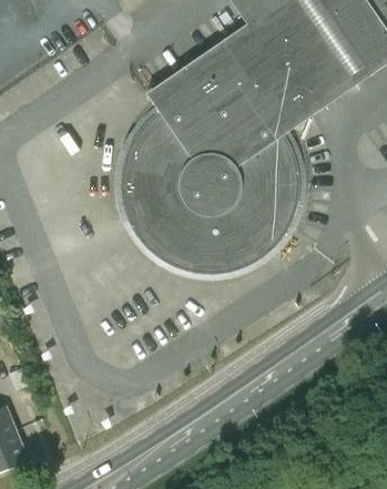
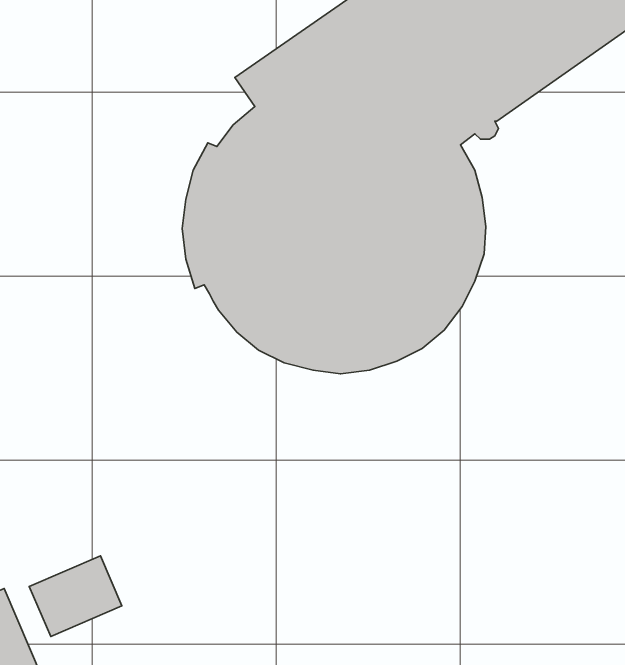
building: none -> [29,556,122,636]

